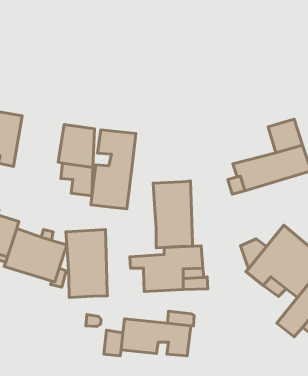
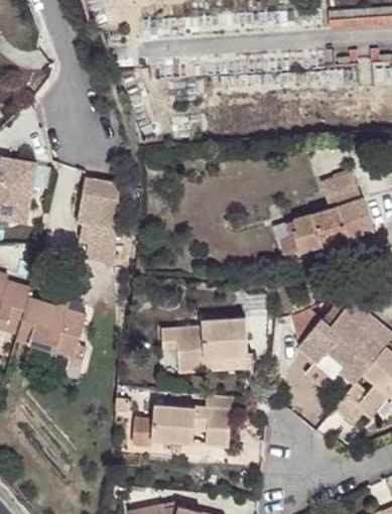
building: [91,130,136,209] -> none
building: [153,181,193,248] -> none
building: [66,229,107,298] -> none

